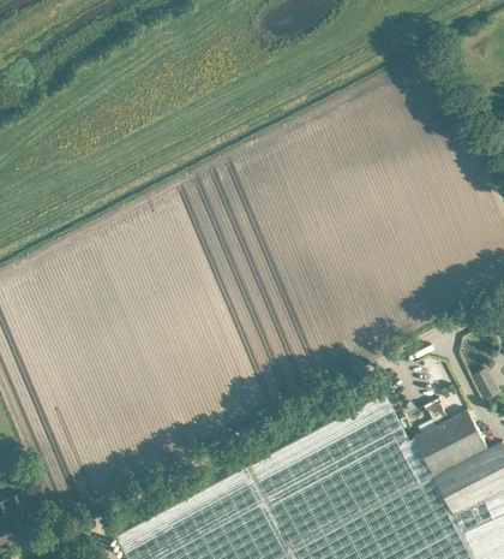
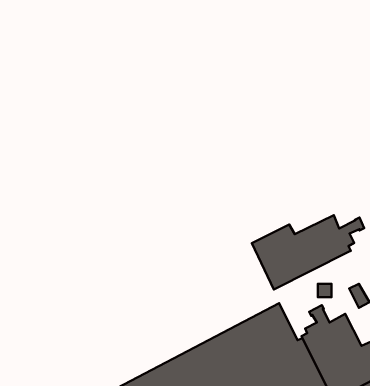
building: none -> [252,215,364,289]

